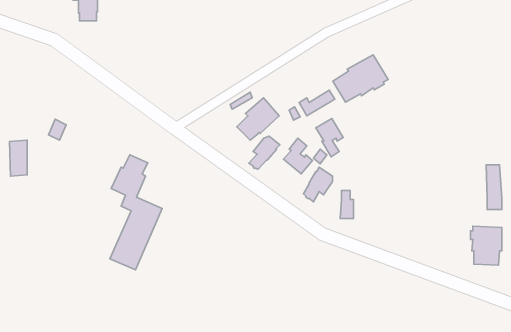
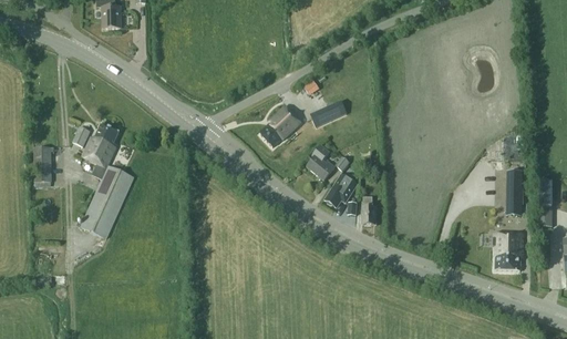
building: [333,55,388,102] -> none
building: [316,118,343,157] -> none
building: [249,136,280,169] -> none
building: [110,155,162,270] -> [81,123,133,237]

